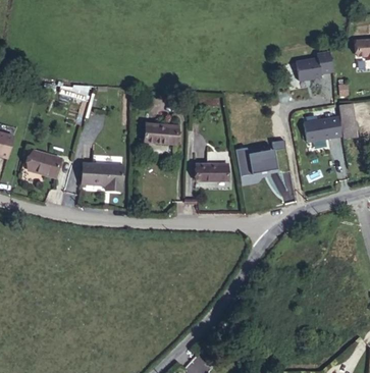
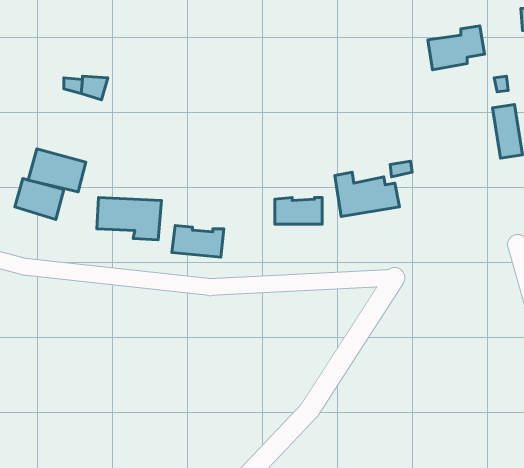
building: [304,116,342,142] -> none
building: [145,123,178,144] -> [172,226,224,257]
building: none -> [28,149,86,192]

